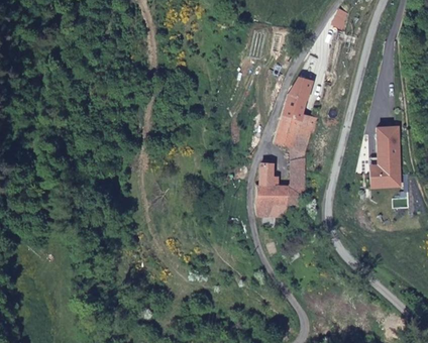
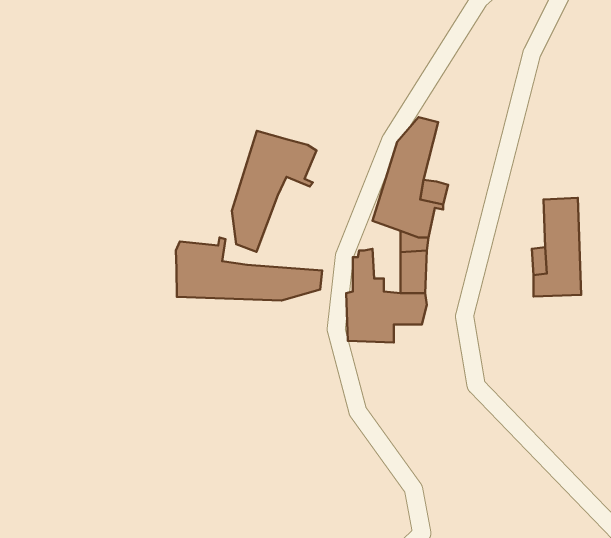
building: none -> [232,131,316,252]
building: none -> [176,238,322,300]

